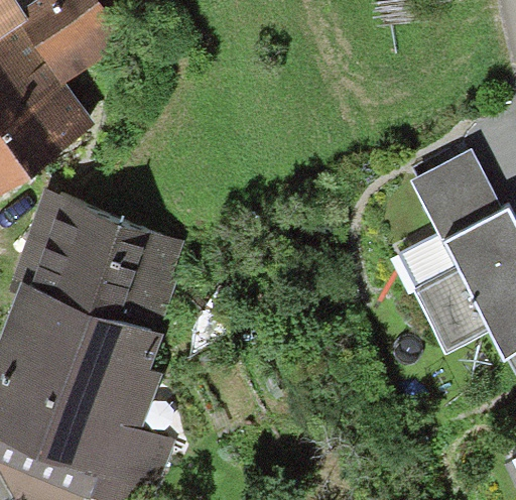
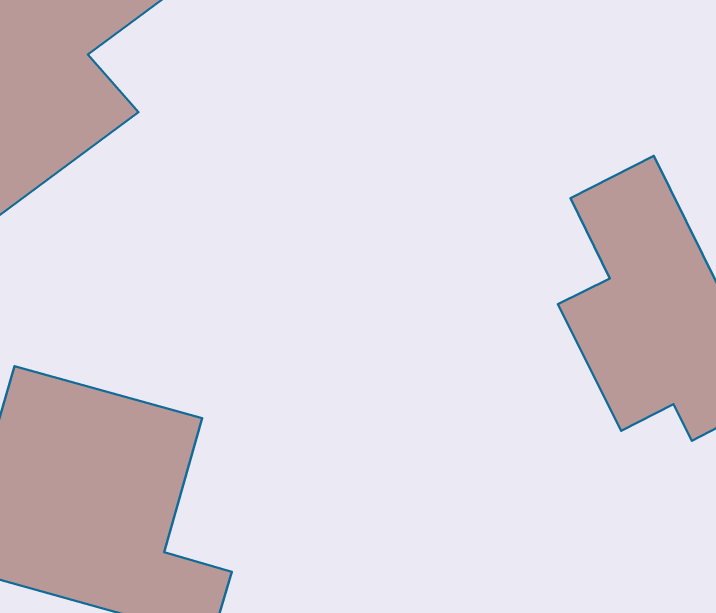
building: [12,195,177,342] -> none

